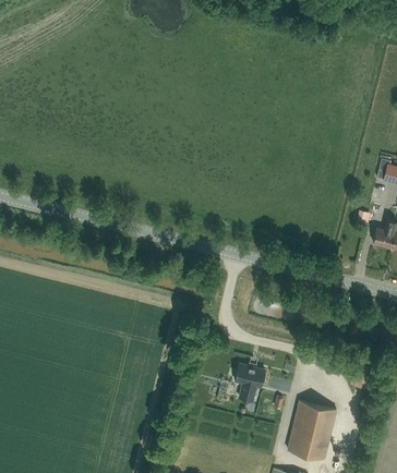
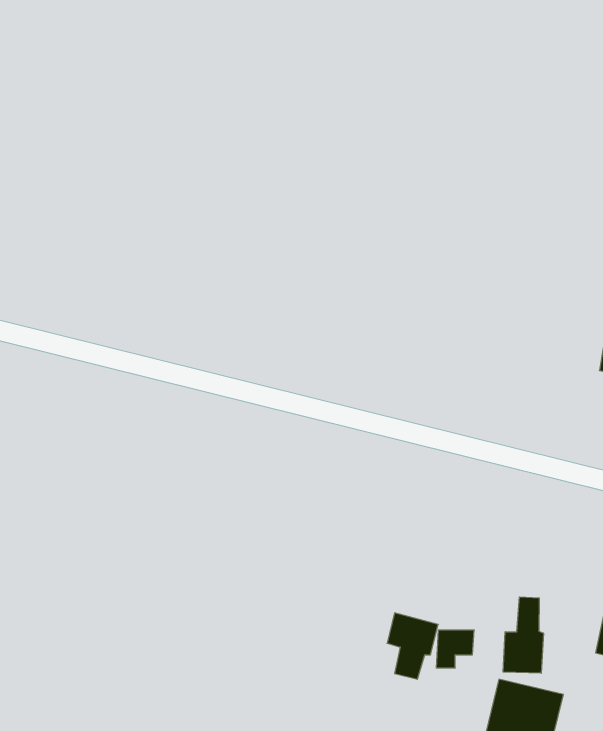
building: none -> [503,597,543,673]

